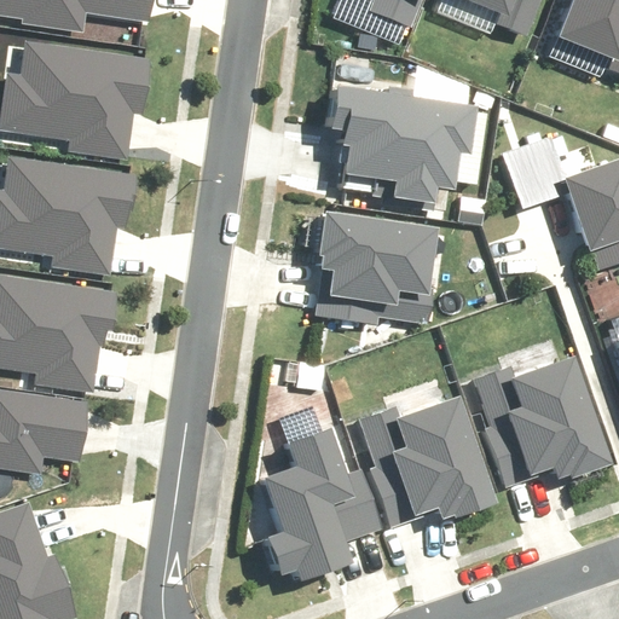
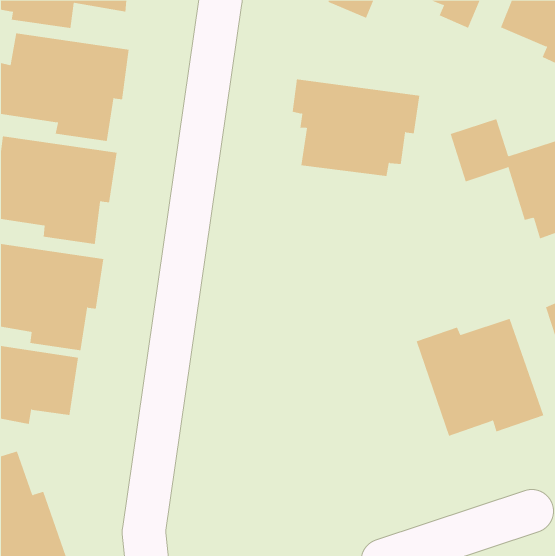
building: [313,208,436,325] -> none
building: [353,394,492,523] -> none
building: [253,426,381,588] -> none

